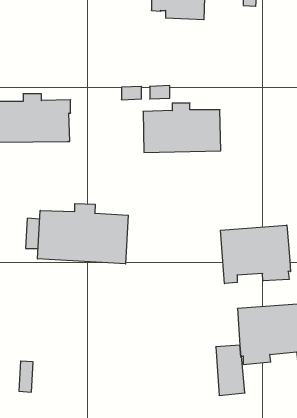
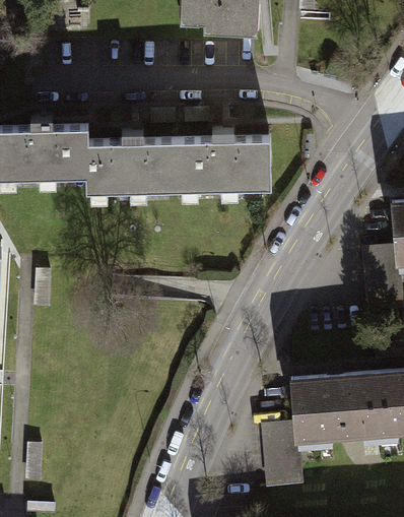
building: none -> [85,132,178,192]
building: [38,204,128,264] -> none
building: [221,225,291,284] -> none

